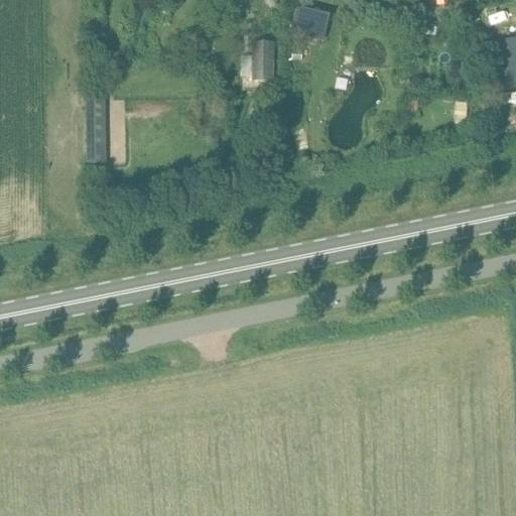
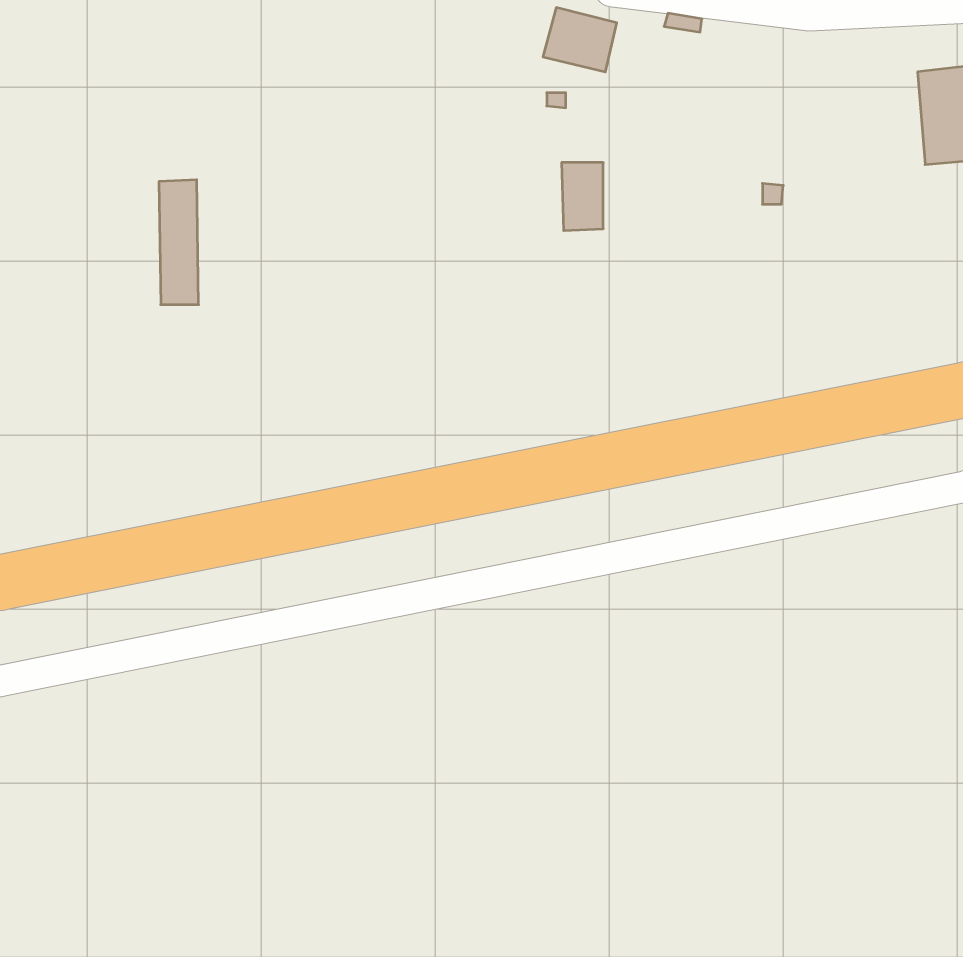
building: [253,41,275,78] -> [562,163,603,231]

